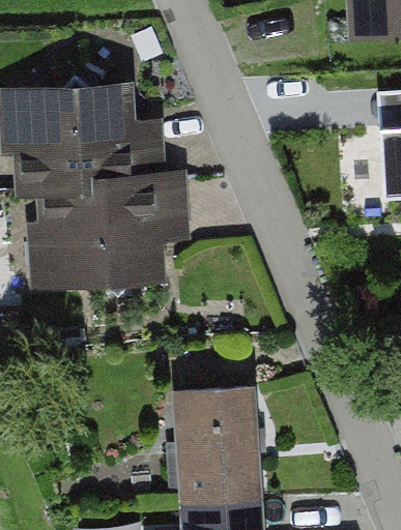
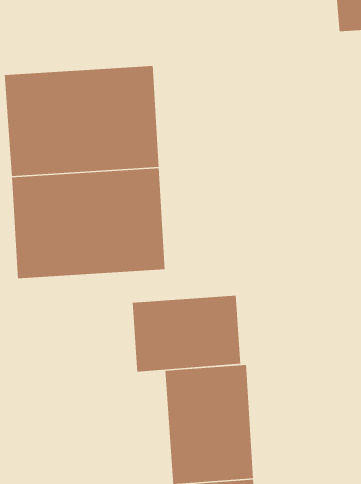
building: none -> [132,295,241,373]

